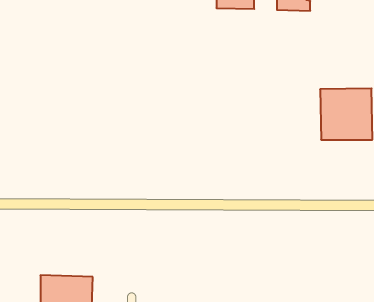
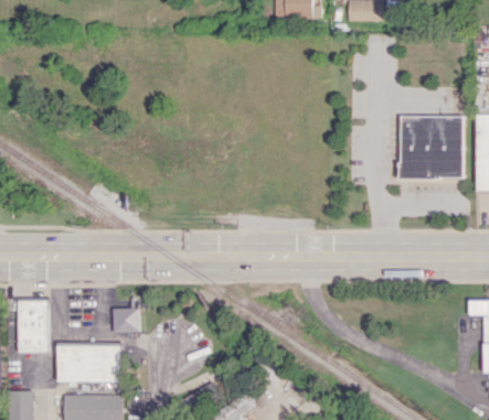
building: none -> [19,299,50,352]
building: none -> [113,306,142,331]

